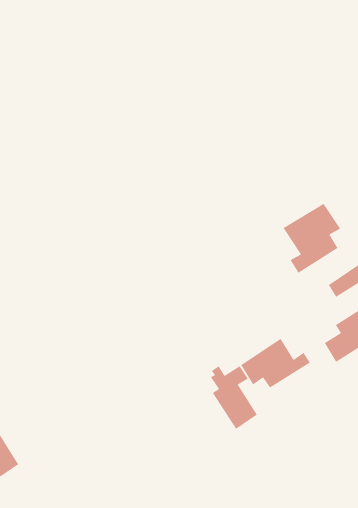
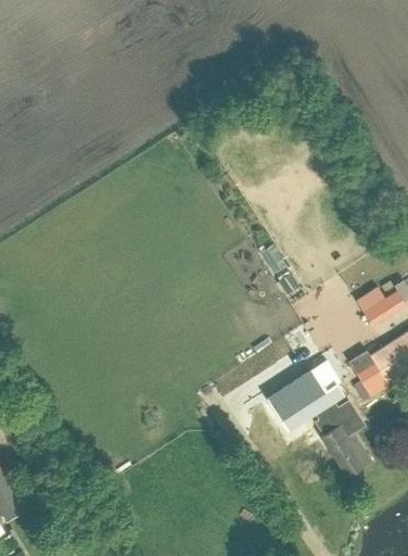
building: [283,203,341,274] -> none
building: [210,365,258,430] -> [317,407,369,478]

